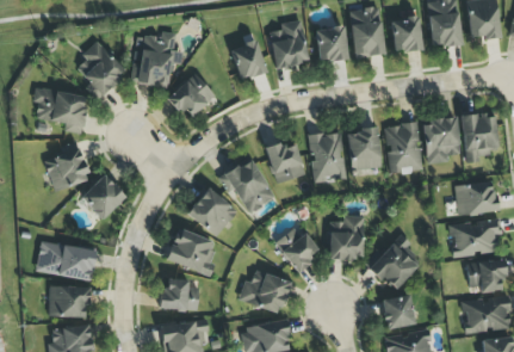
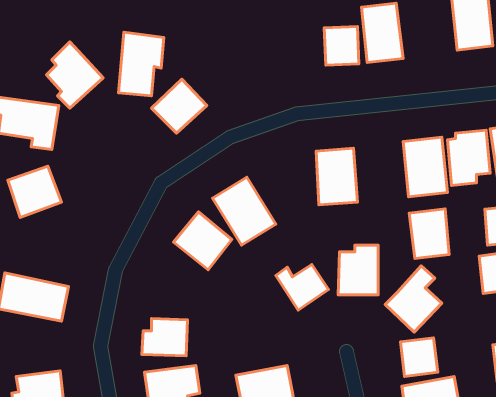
building: [391,17,421,51] -> none
building: [268,20,309,69] -> none
building: [231,42,266,80] -> none
building: [347,128,382,171] -> [409,209,449,259]
building: [264,142,306,185] -> none
building: [81,175,126,221] -> none
building: [166,228,219,276] -> none
building: [239,270,291,315] -> none
building: [48,286,89,319] -> none

